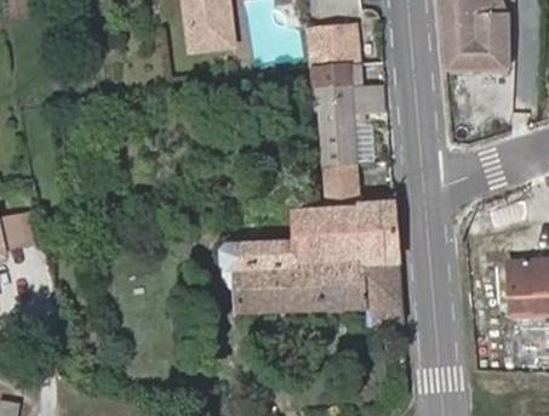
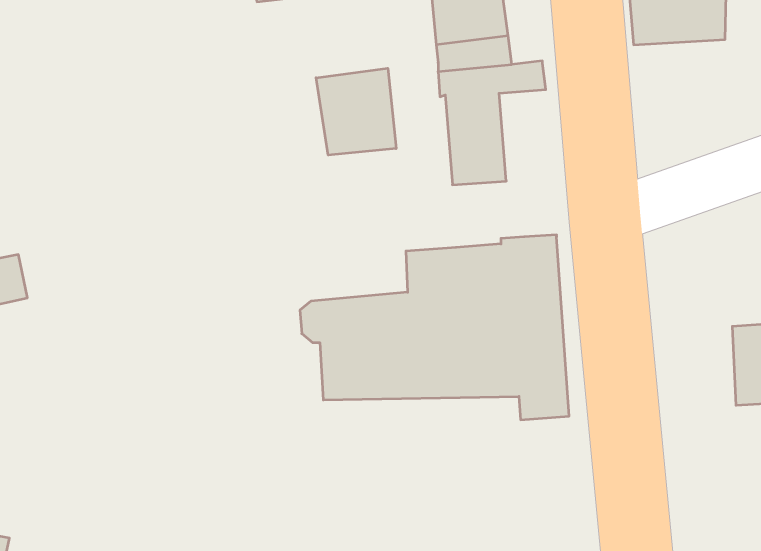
building: none -> [316,68,396,155]
building: [322,164,371,209] -> none

